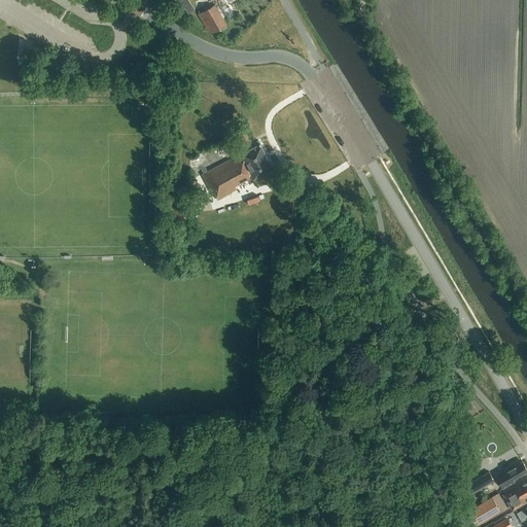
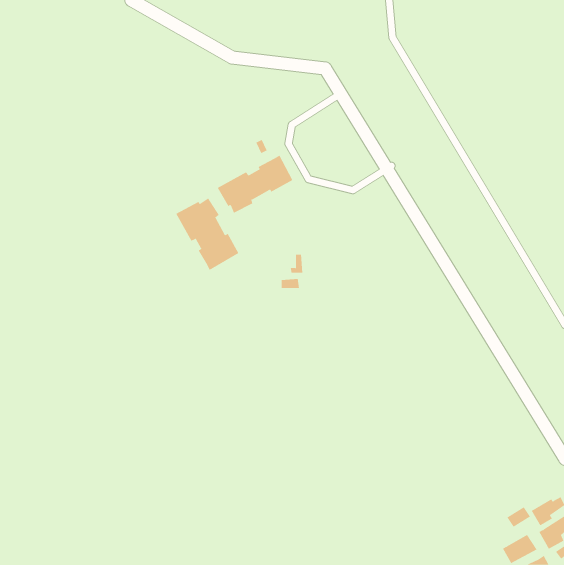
building: [200,6,226,35] -> none
building: none -> [176,198,239,271]

